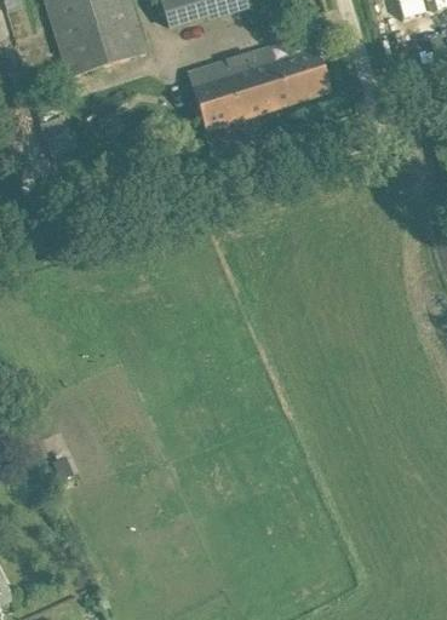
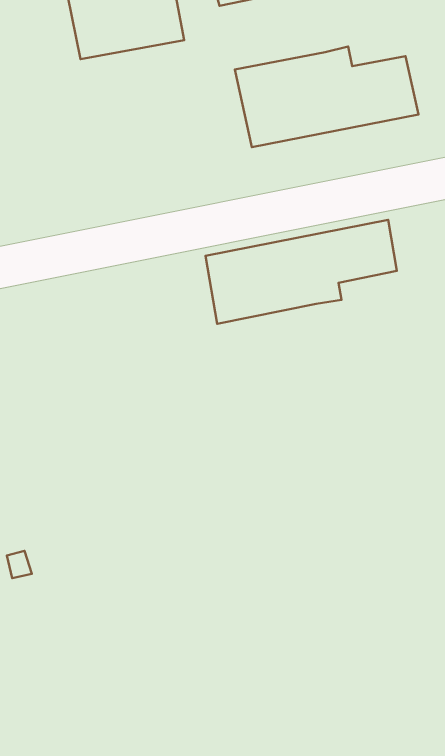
building: none -> [205,220,397,324]

